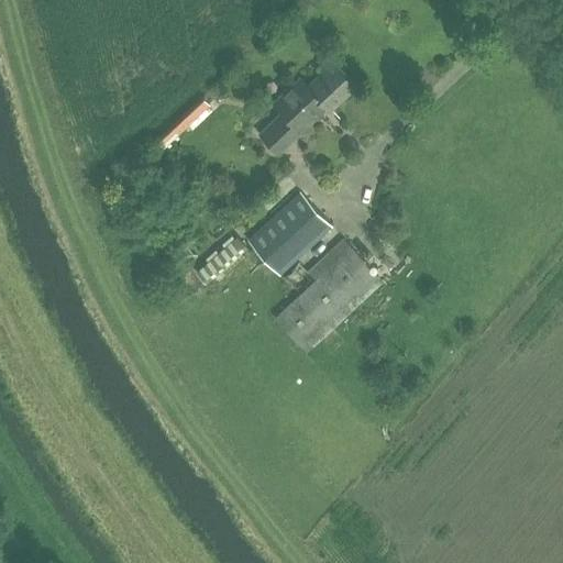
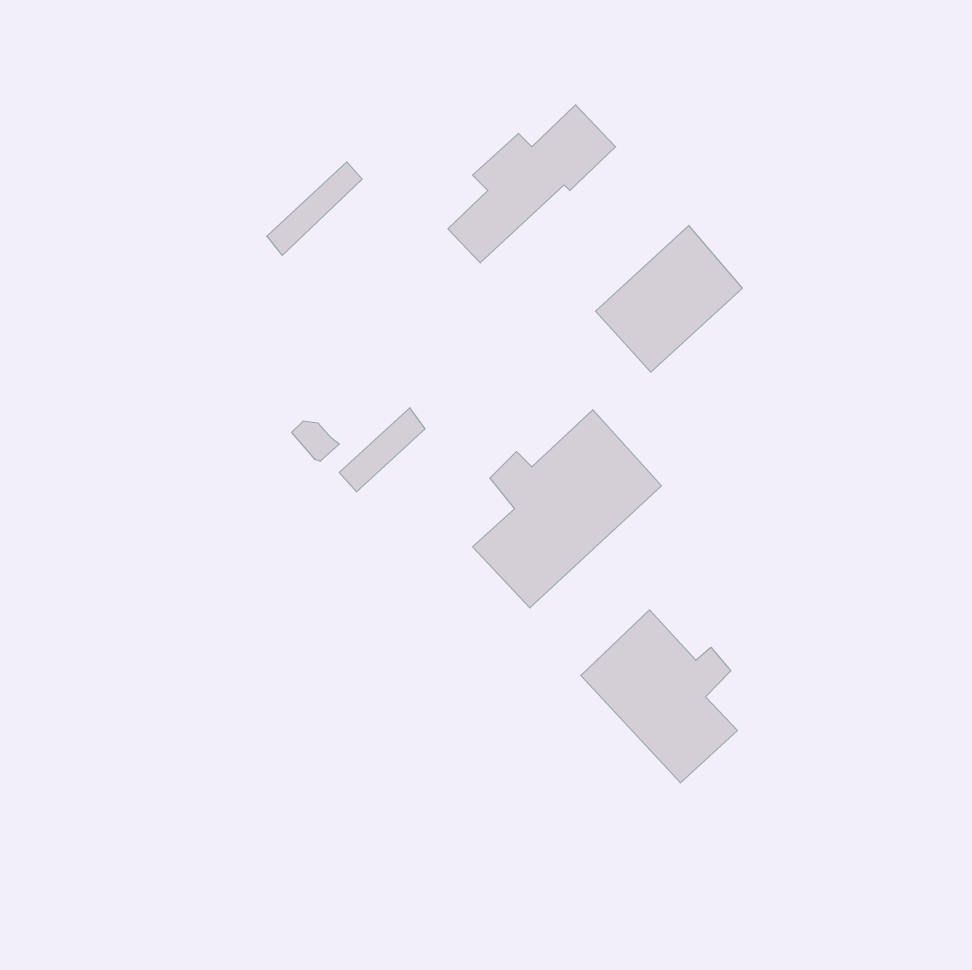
building: [246,191,331,276] -> [596,225,742,372]
building: none -> [581,610,737,783]

